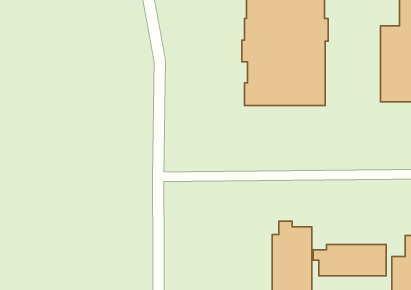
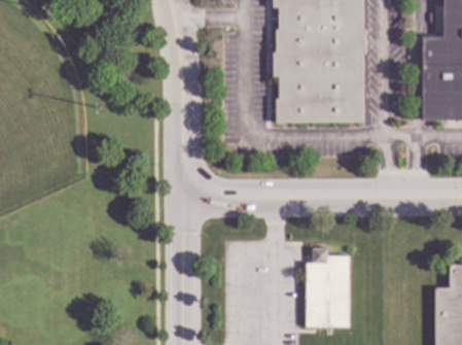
building: [313,244,386,276] -> none

